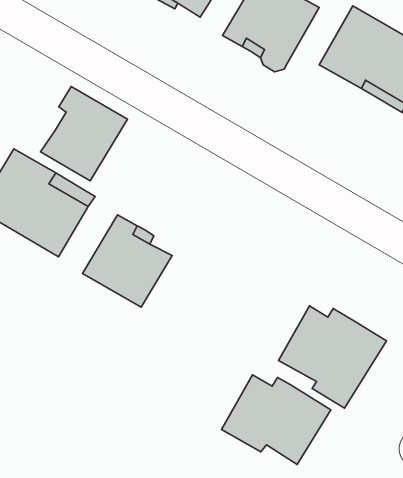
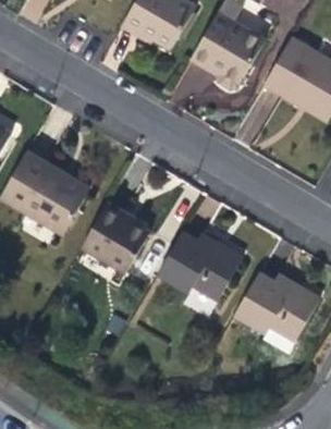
building: [41,86,127,181] -> none
building: [222,375,331,464] -> [156,231,241,301]

